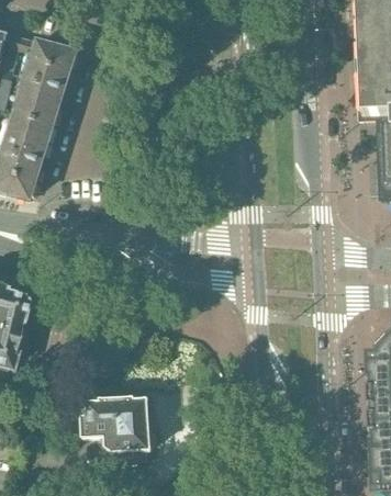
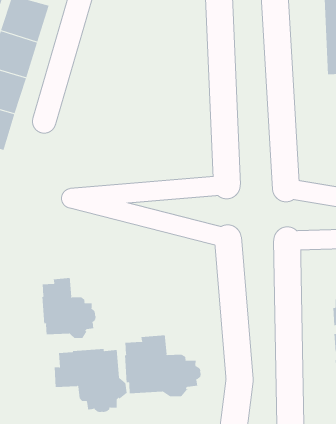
building: none -> [42,277,96,339]
building: none -> [124,335,201,397]

